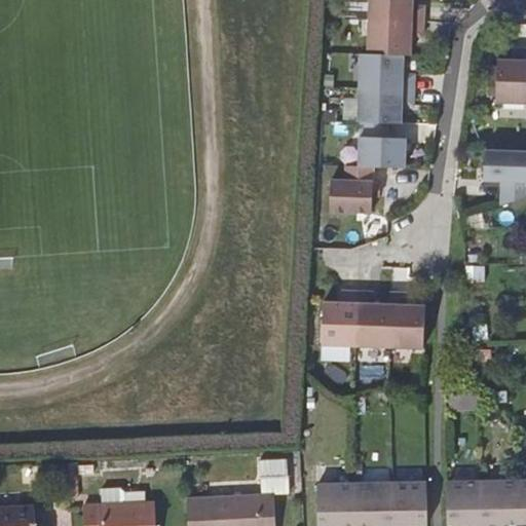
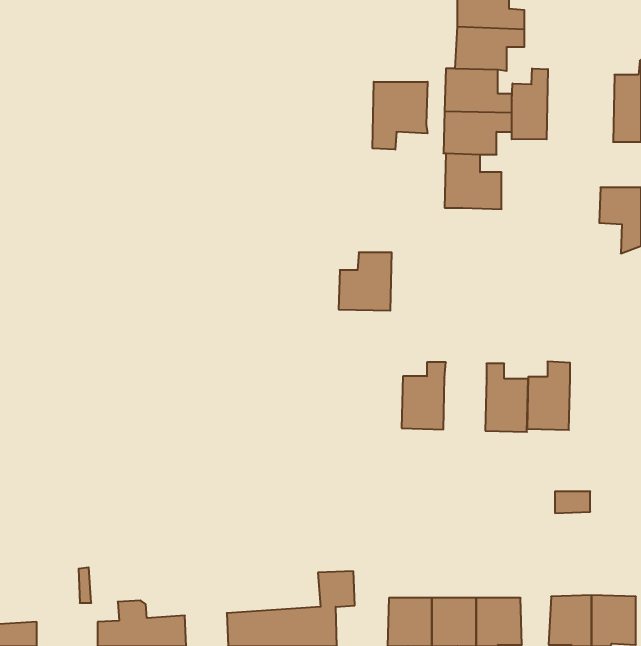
building: none -> [512,68,548,139]
building: none -> [373,82,428,150]
building: [332,168,375,216] -> [339,252,392,311]
building: [360,294,394,349] -> [527,362,570,430]

